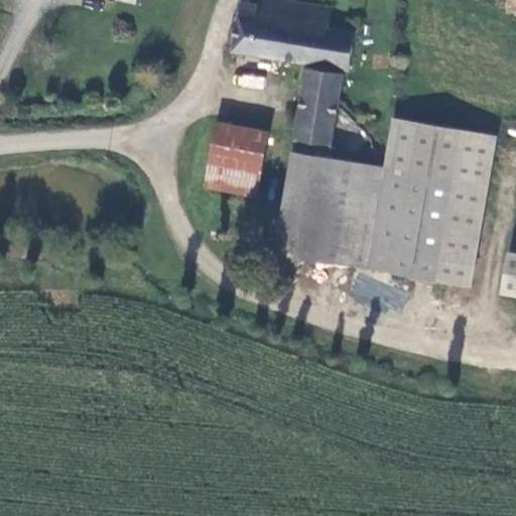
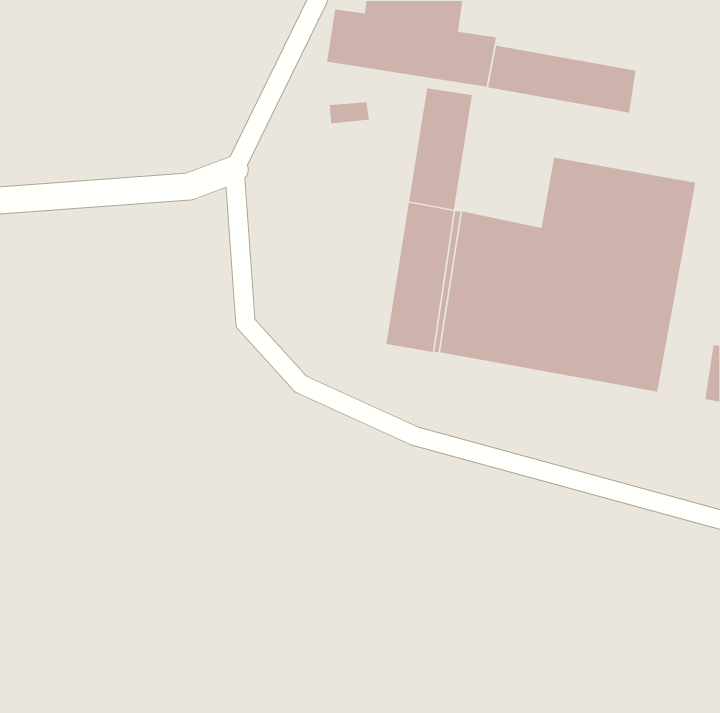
building: none -> [487,45,636,114]
building: [201,123,265,198] -> none

